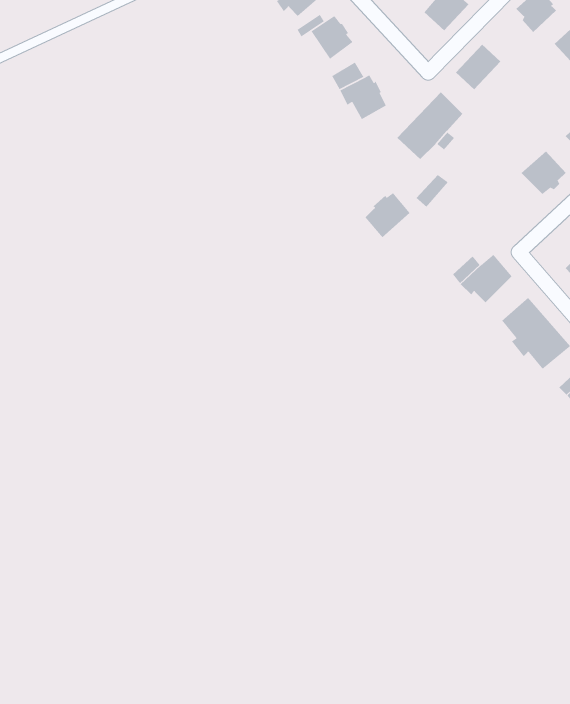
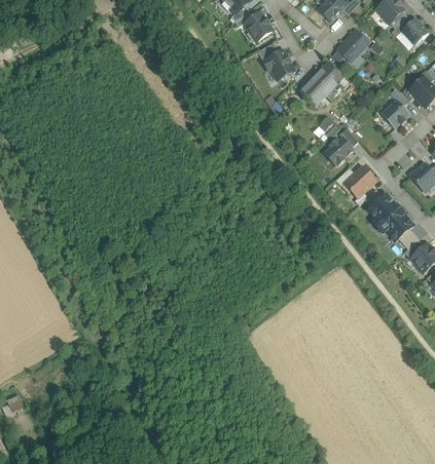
building: [365,192,411,238] -> [324,137,354,166]

